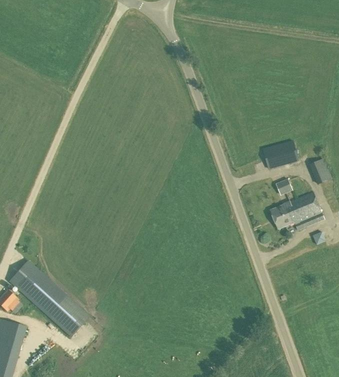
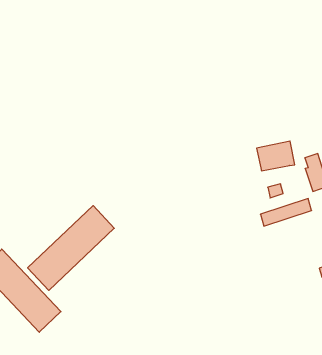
building: [274,203,324,228] -> none
building: none -> [28,206,114,290]

